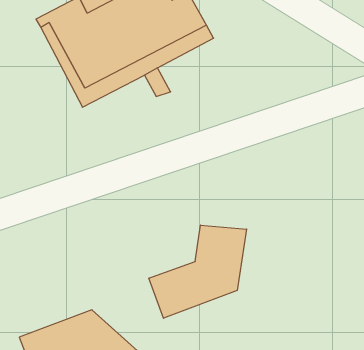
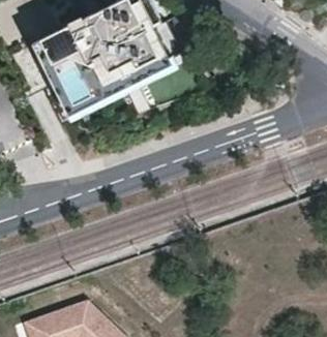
building: [149,225,247,318] -> none

